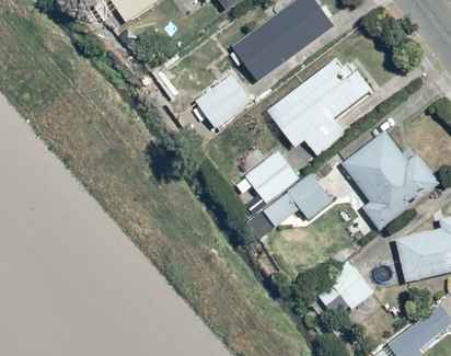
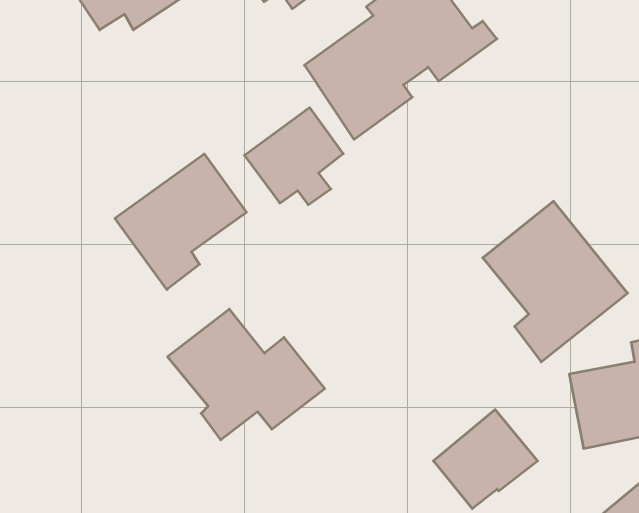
building: [264,53,374,158] -> none
building: none -> [115,154,246,290]
building: [242,146,339,227] -> [168,309,325,440]

